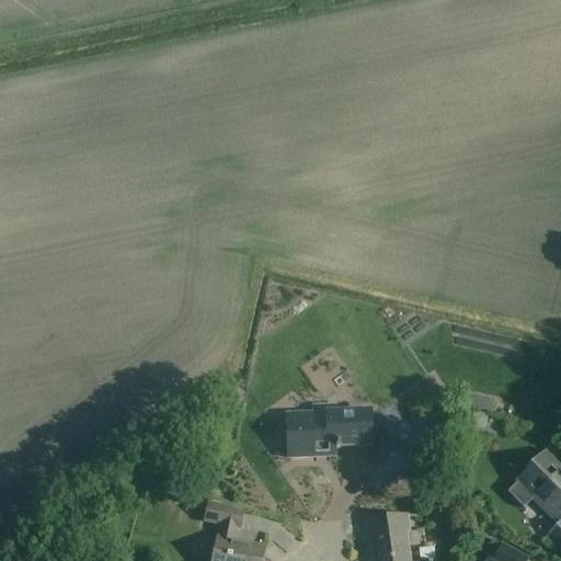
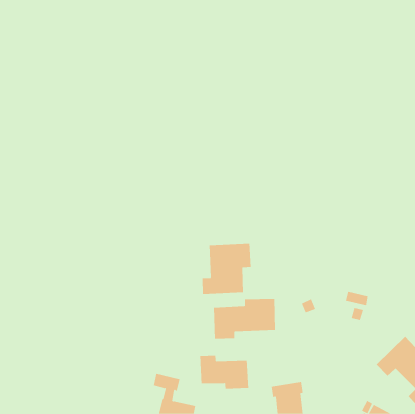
building: none -> [202,243,251,295]
building: none -> [200,355,249,390]

